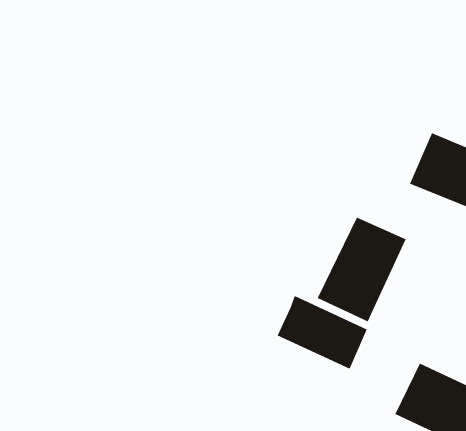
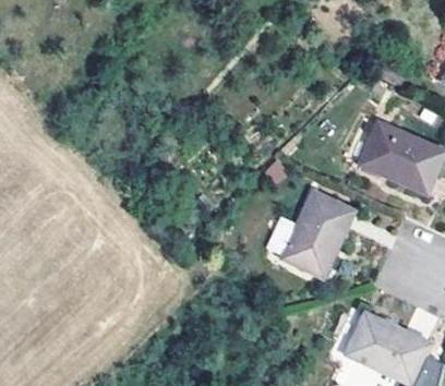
building: [277,295,368,369] -> none

